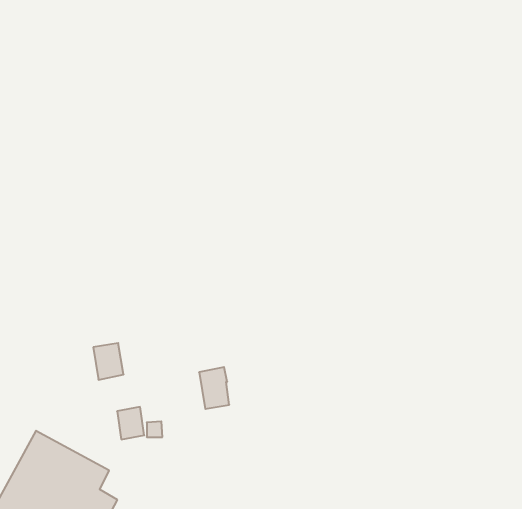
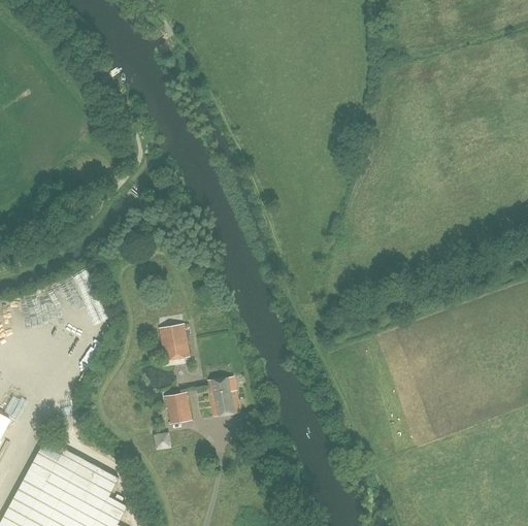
building: [93,343,124,380] -> [159,325,189,361]
building: [117,407,144,439] -> [164,393,191,425]

